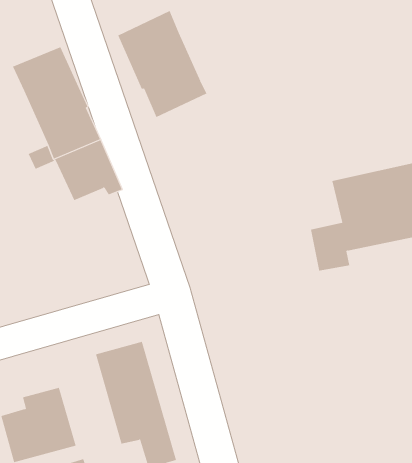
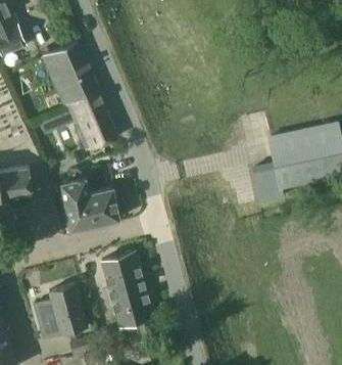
building: [118,10,207,118] -> none
building: none -> [60,171,118,231]

